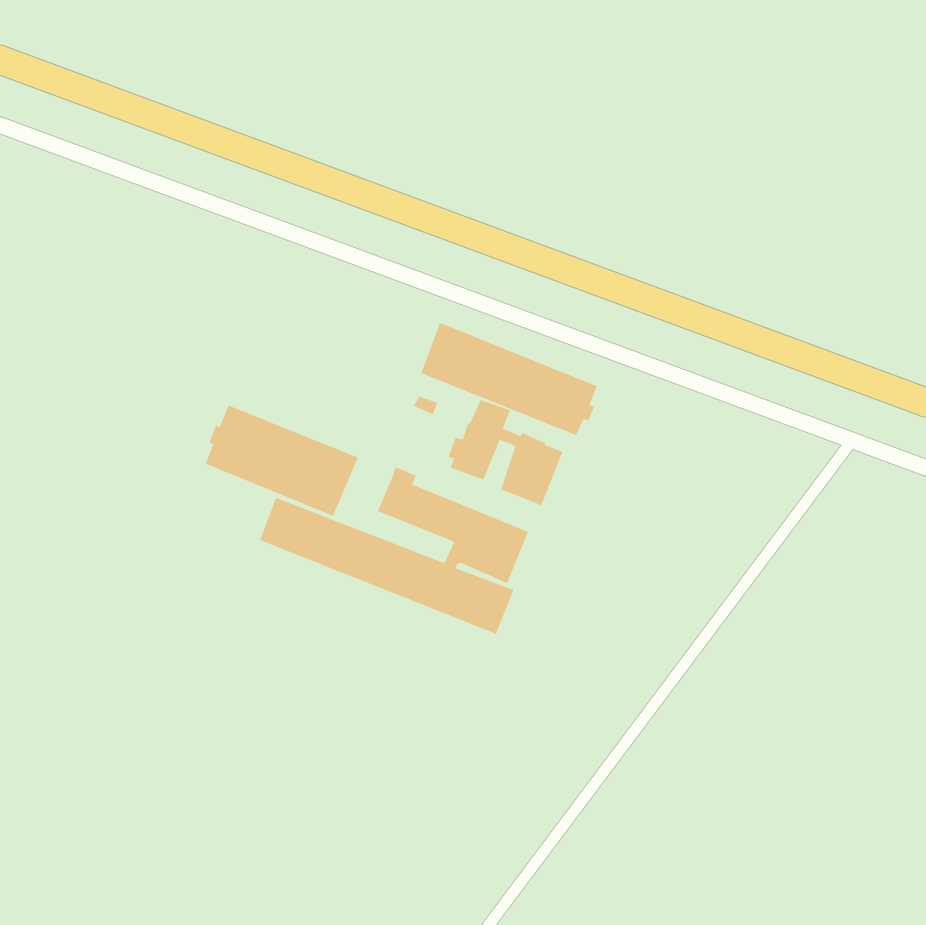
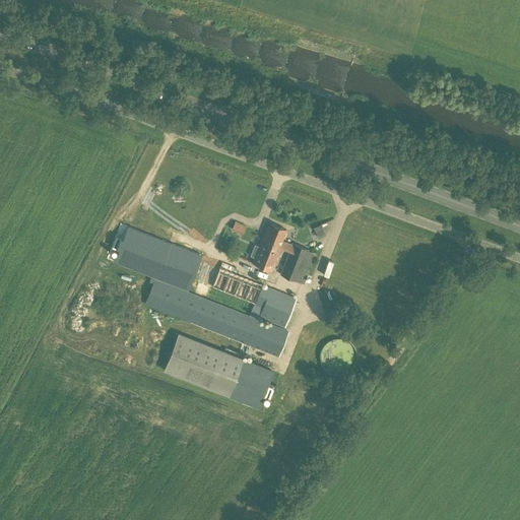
building: [420,322,598,436] -> none
building: none -> [164,334,272,407]

